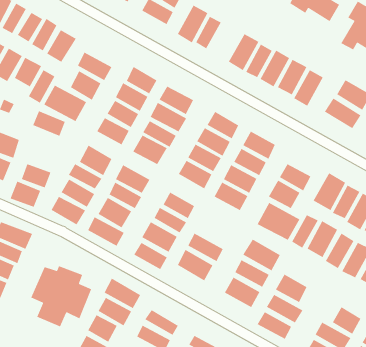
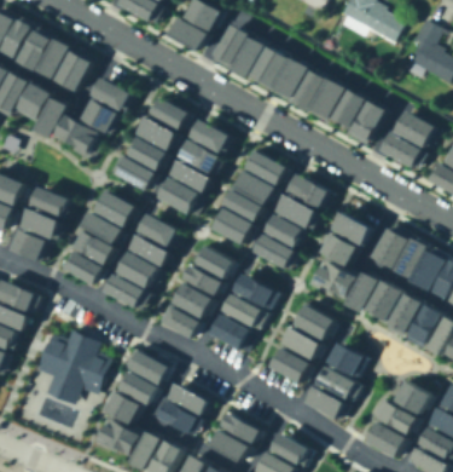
building: none -> [248,45,286,91]
building: [32,110,66,137] -> [30,189,70,220]
building: none -> [233,274,277,309]

